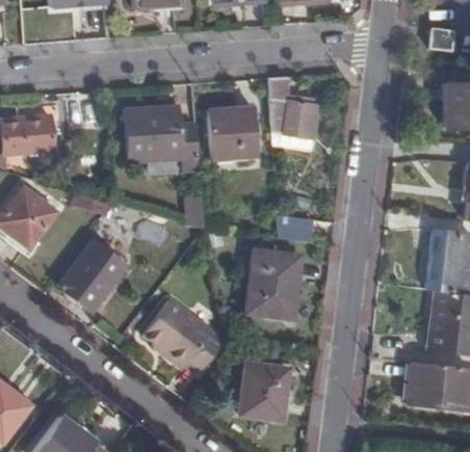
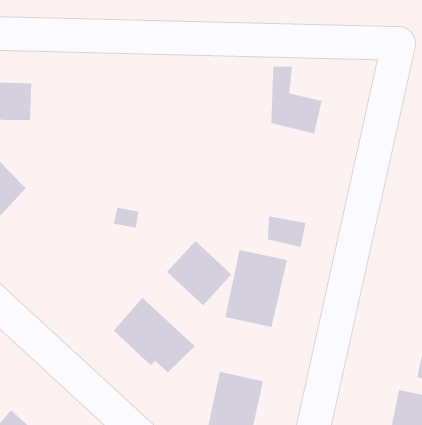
building: [207,106,258,157] -> none
building: [124,107,199,170] -> none
building: [57,242,123,309] -> none
building: none -> [166,240,232,306]

